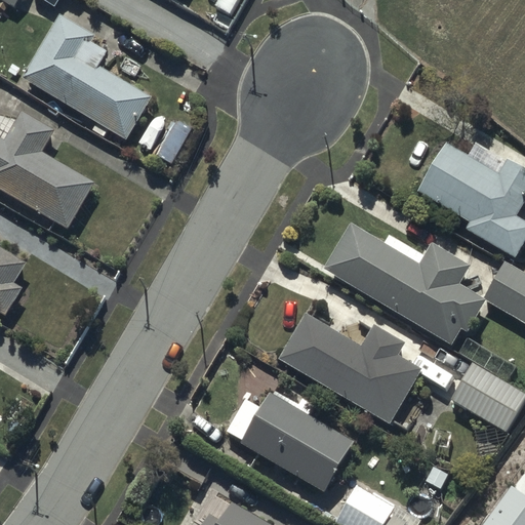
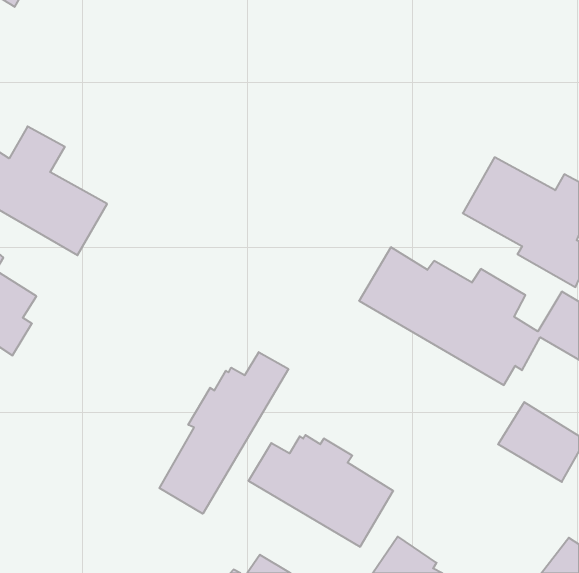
building: [22,13,149,136] -> none
building: [278,312,422,422] -> none
building: none -> [159,352,288,514]

